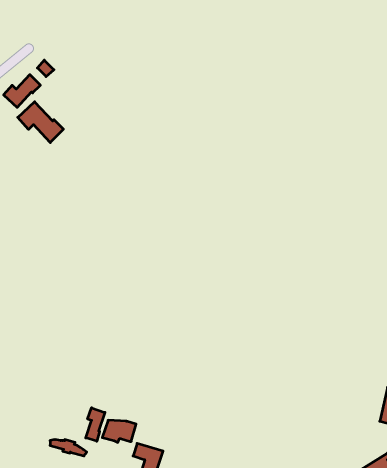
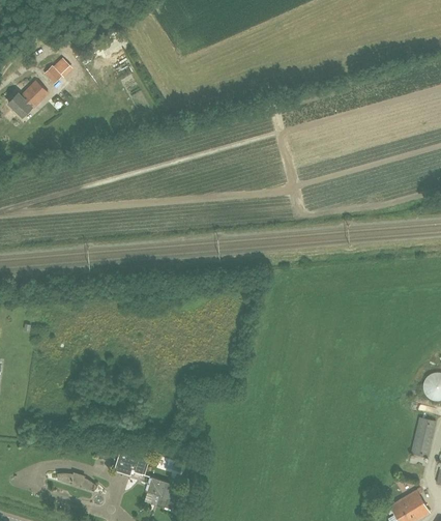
building: [18,102,63,143] -> none
building: [86,408,105,441] -> none

